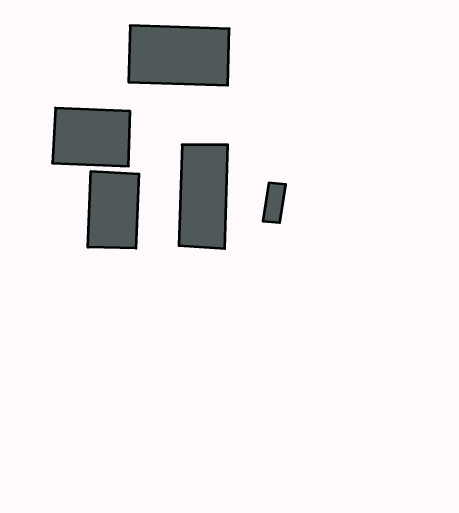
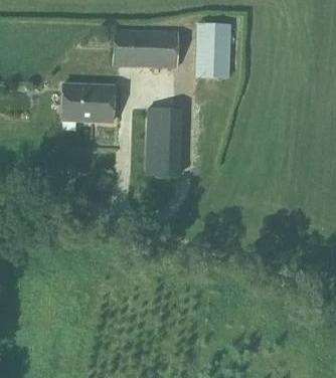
building: none -> [196,23,231,76]
building: [88,171,139,248] -> none

